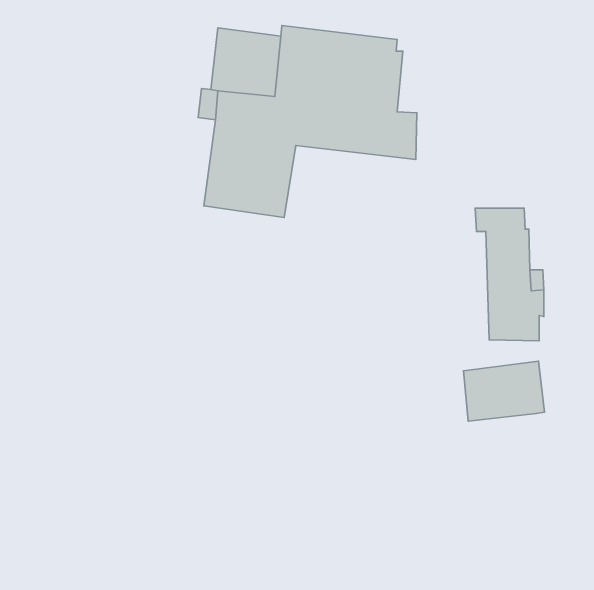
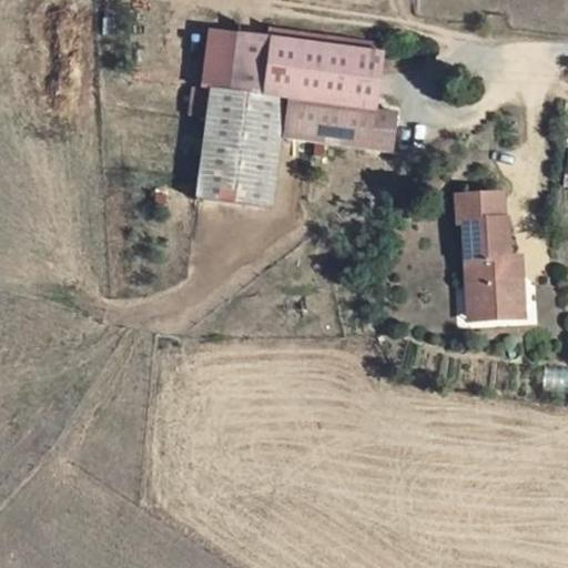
building: [463,361,545,421] -> none

